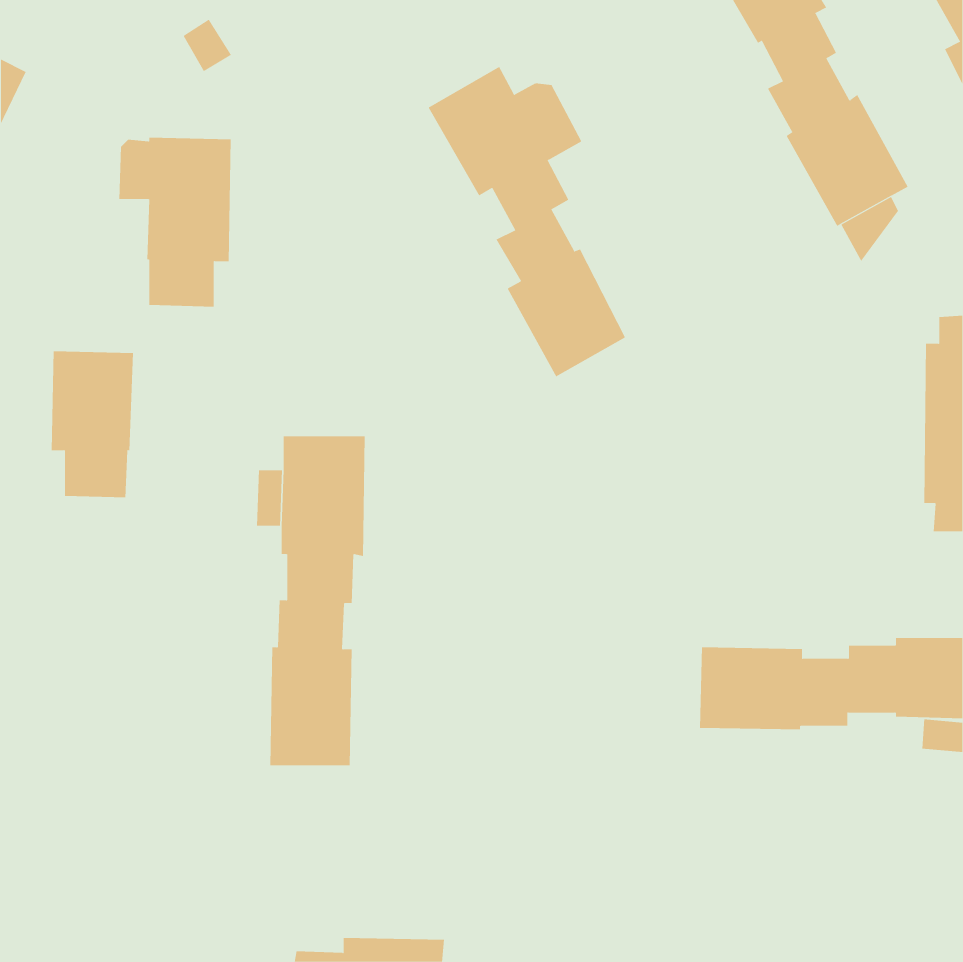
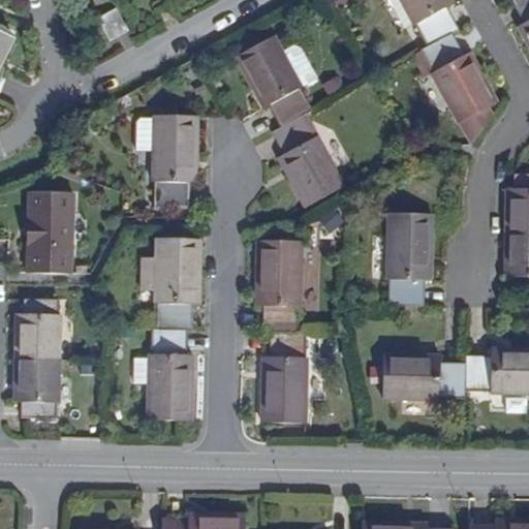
building: [118,137,231,307] -> [137,115,199,208]
building: none -> [387,213,432,305]
building: none -> [258,242,307,422]
building: none -> [14,299,59,417]

